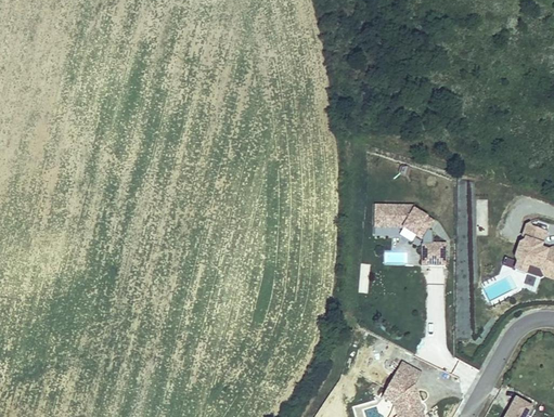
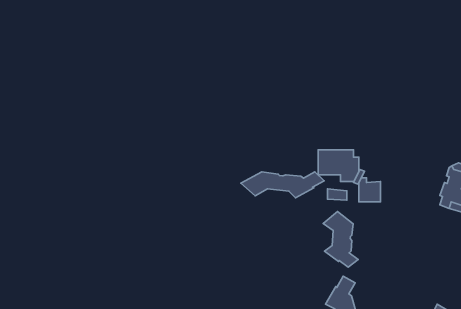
building: none -> [241,172,324,198]
building: none -> [323,212,358,267]

